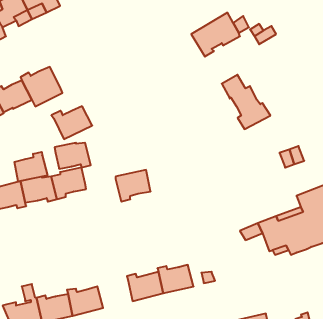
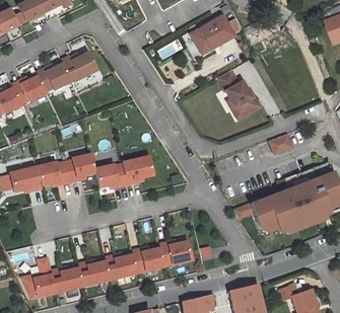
building: [51,106,92,139] -> [60,52,96,81]
building: [55,143,91,169] -> [93,163,126,186]
building: [14,152,47,182] -> none
building: none -> [104,253,136,279]

